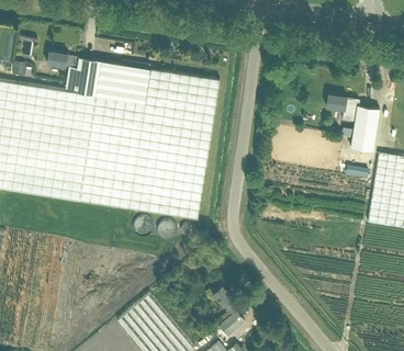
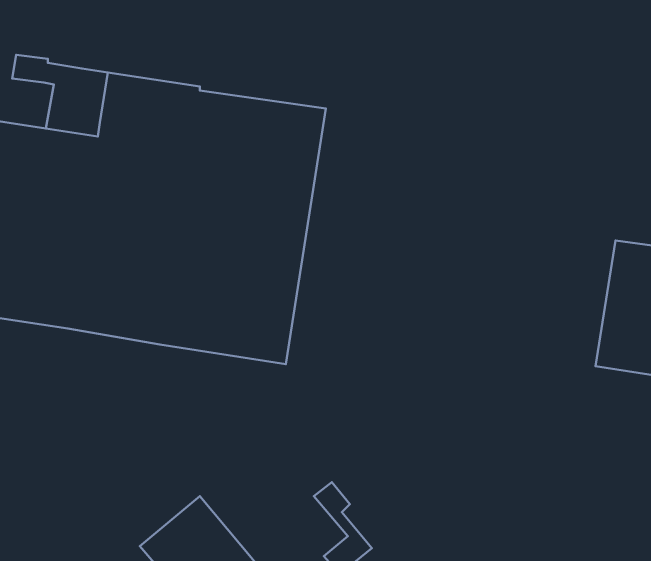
building: [326,93,379,150] -> none

